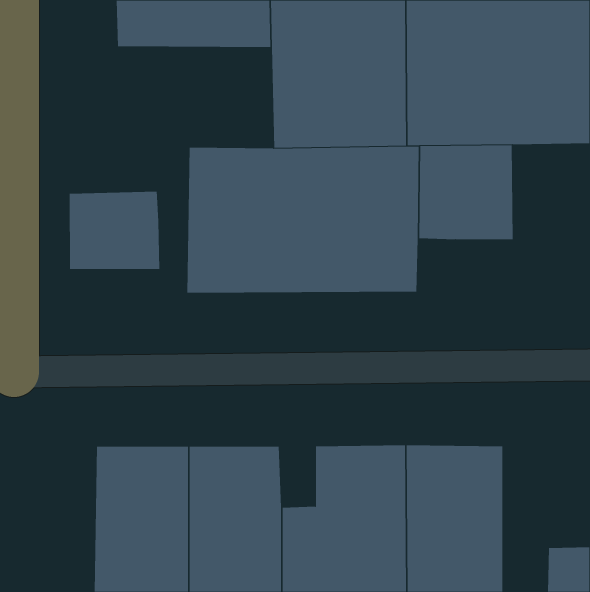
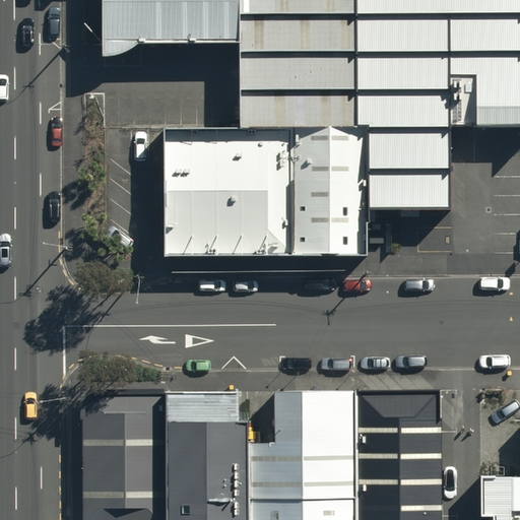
building: [69,191,160,270] -> none

